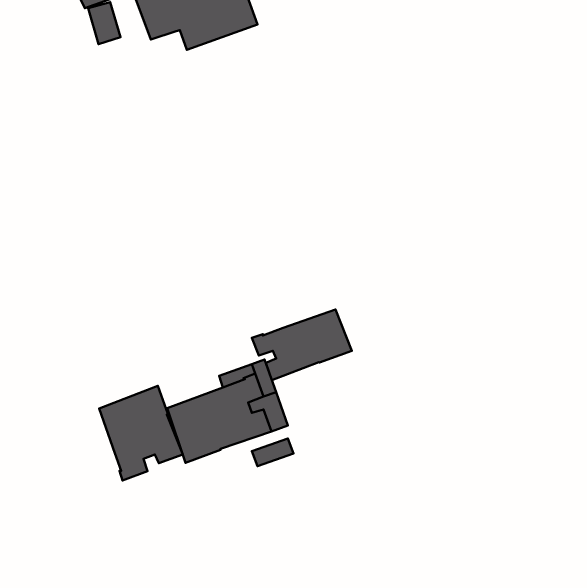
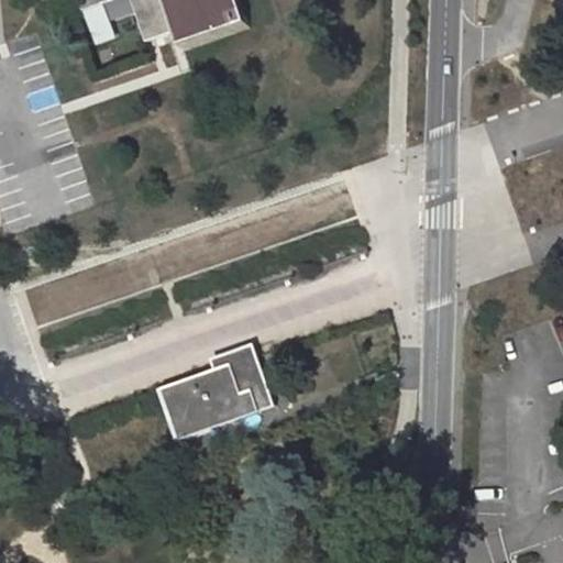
building: [252,309,352,380] -> none
building: [99,386,183,481] -> none

